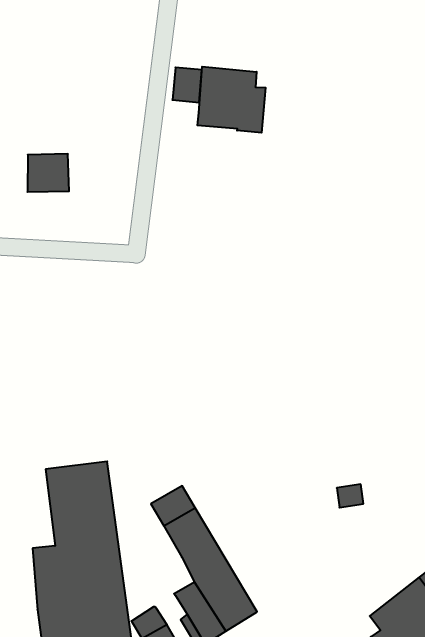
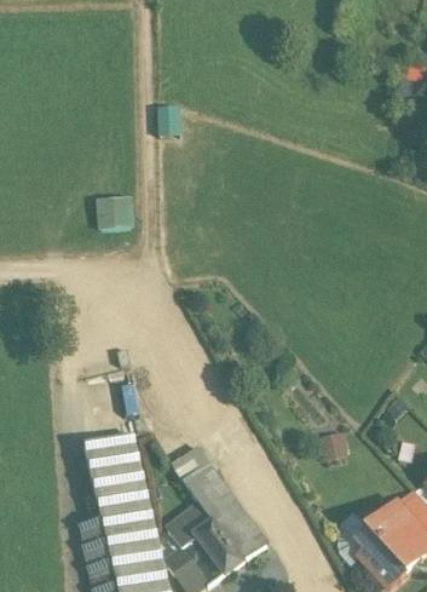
building: [197,67,266,133] -> none
building: [27,154,69,192] -> [98,196,134,230]
building: none -> [165,505,212,548]

